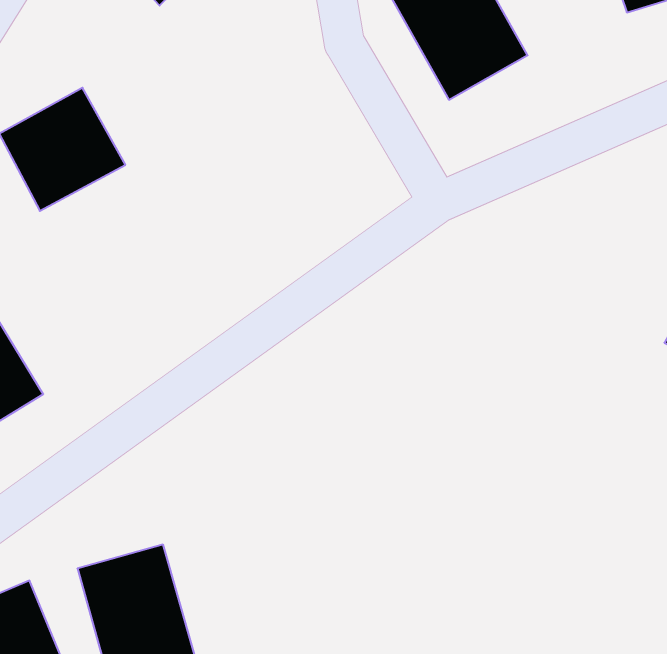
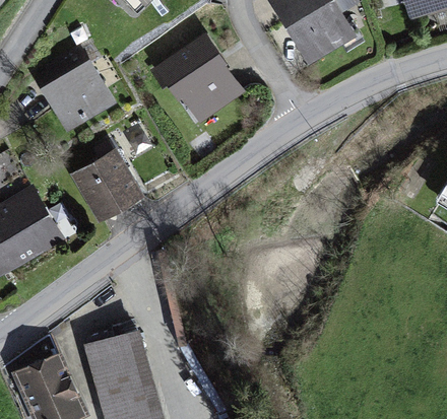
building: none -> [159,34,244,124]
building: none -> [72,148,141,218]

